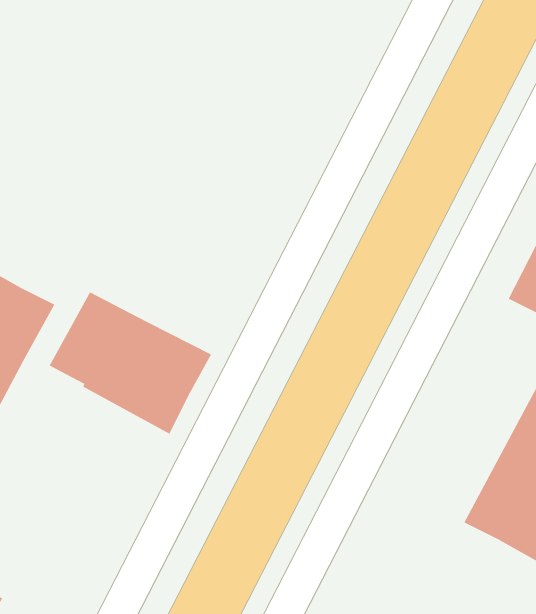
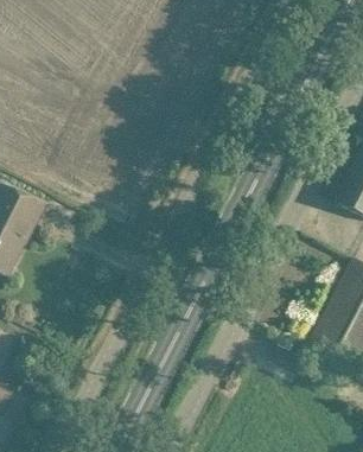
building: [49,292,212,434] -> none

